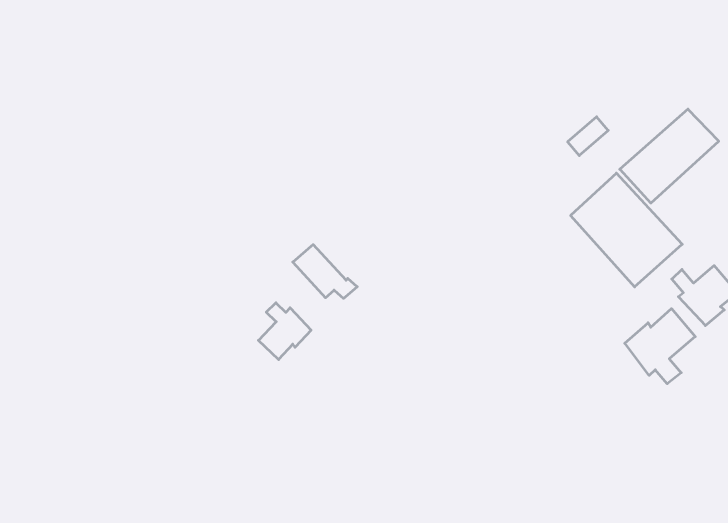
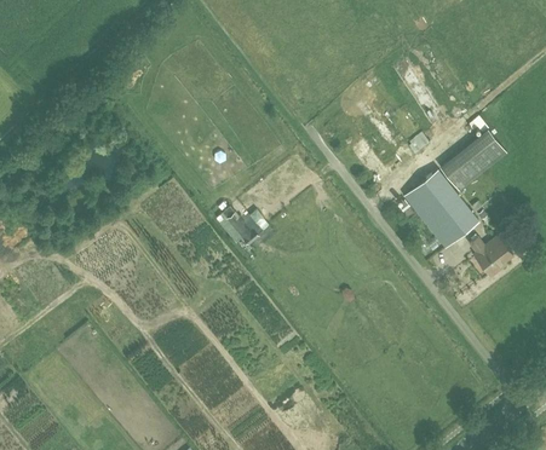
building: [258,303,311,360] -> none
building: [625,309,695,384] -> none

